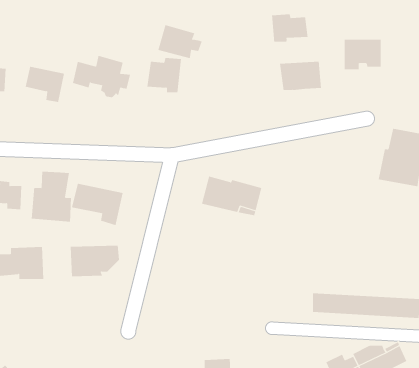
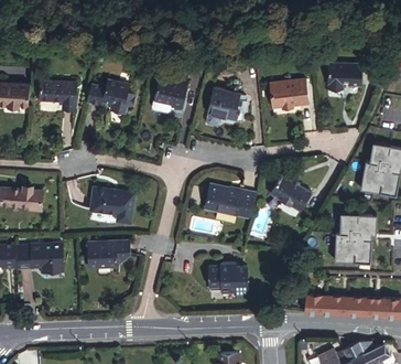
building: [271,14,308,42] -> none
building: [158,25,203,59] -> [209,89,250,120]
building: none -> [270,176,313,215]
building: [31,171,71,222] -> none
building: none -> [335,213,378,264]
building: none -> [205,264,247,297]

